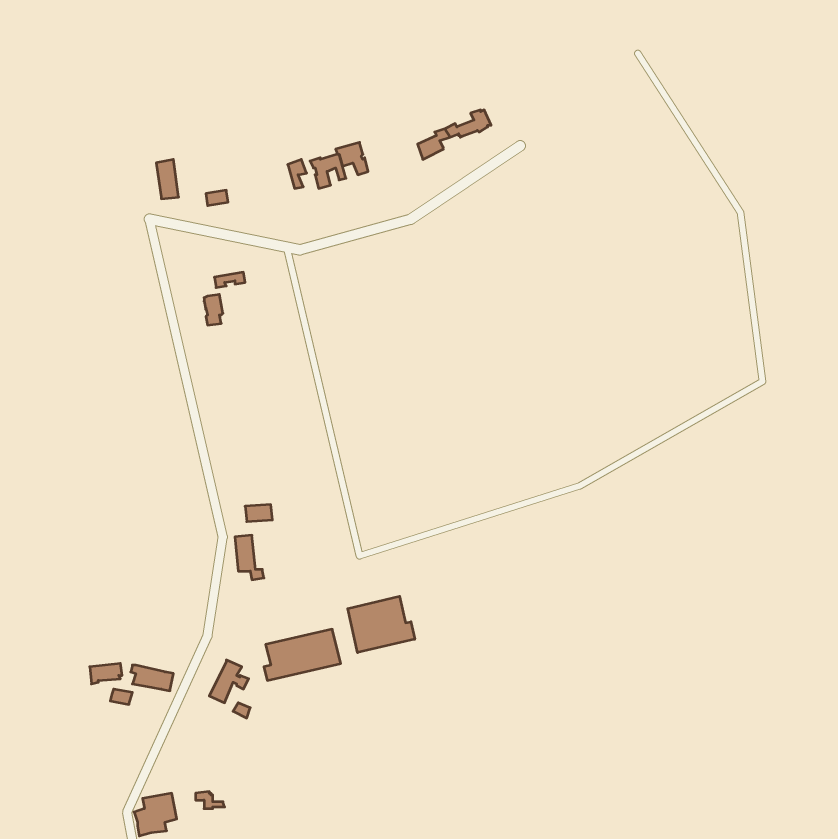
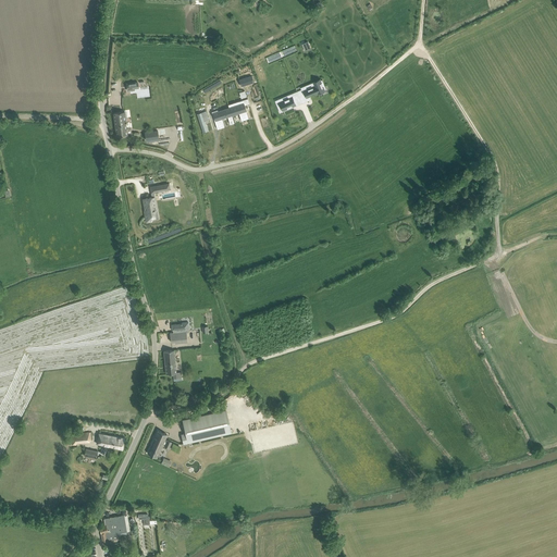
building: [348,596,415,653] -> none

